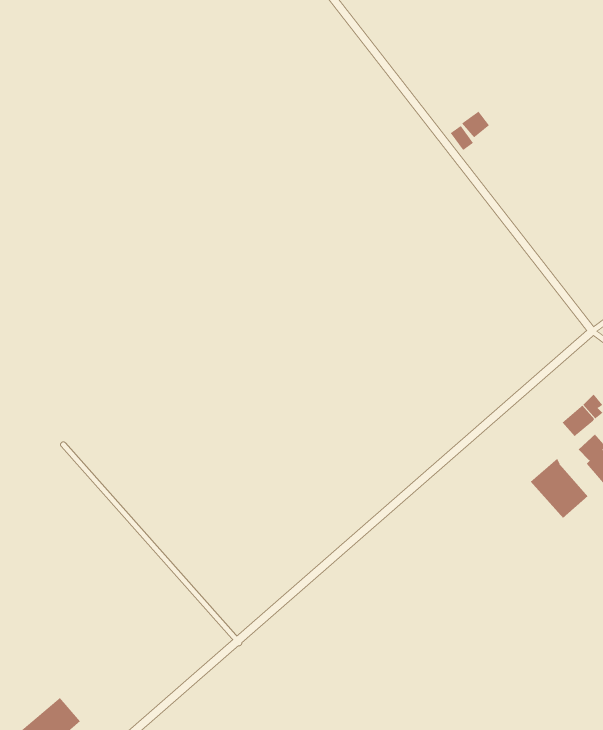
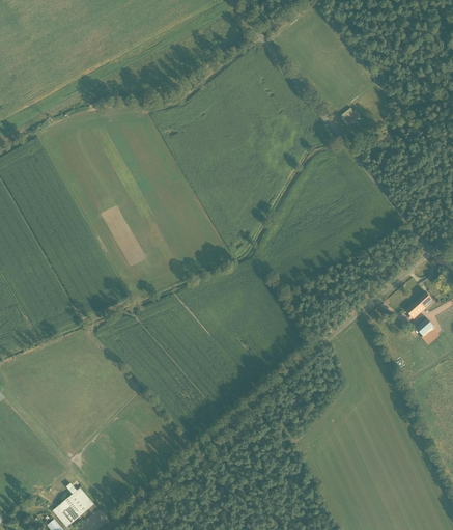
building: [530,458,589,519] -> none

